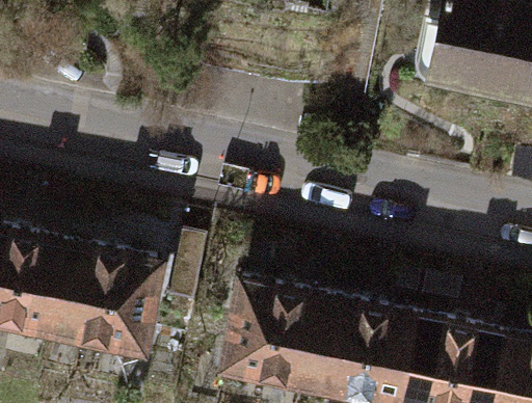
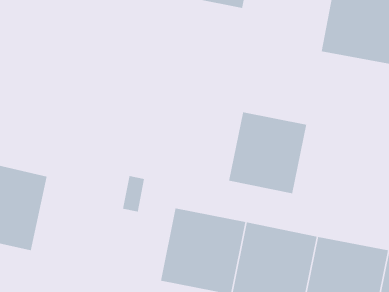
building: none -> [228,111,307,194]
building: [56,237,168,353] -> none

